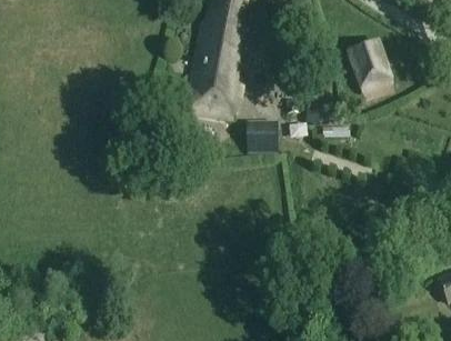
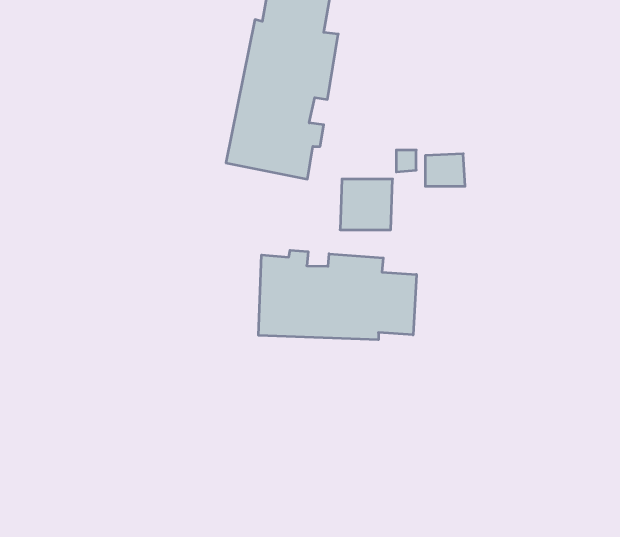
building: [344,40,398,102] -> none
building: none -> [259,250,416,340]

